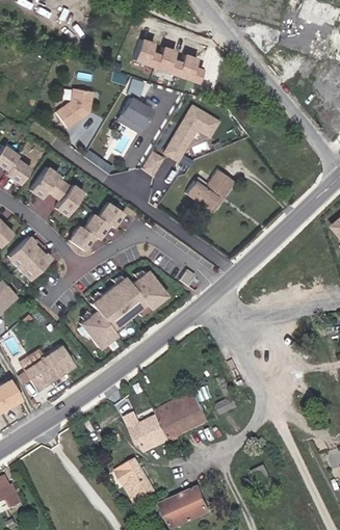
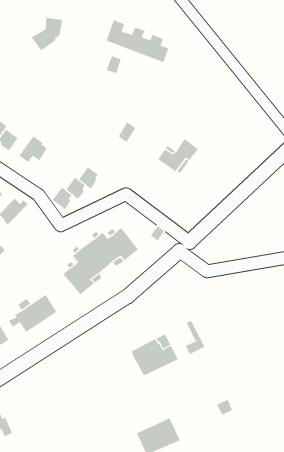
building: [56,89,93,128] -> [31,17,63,51]
building: [119,96,154,132] -> none
building: [164,105,218,159] -> none
building: [54,181,83,216] -> none
building: [18,244,49,279] -> none
building: [128,413,172,450] -> none
building: [117,457,158,503] -> none

